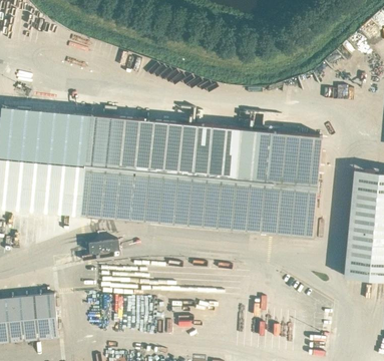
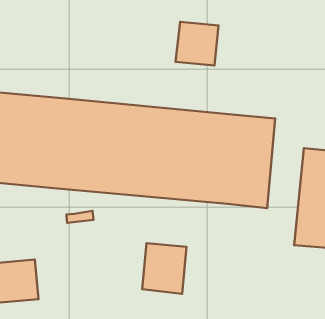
building: none -> [176,22,218,65]
building: none -> [142,243,187,294]

